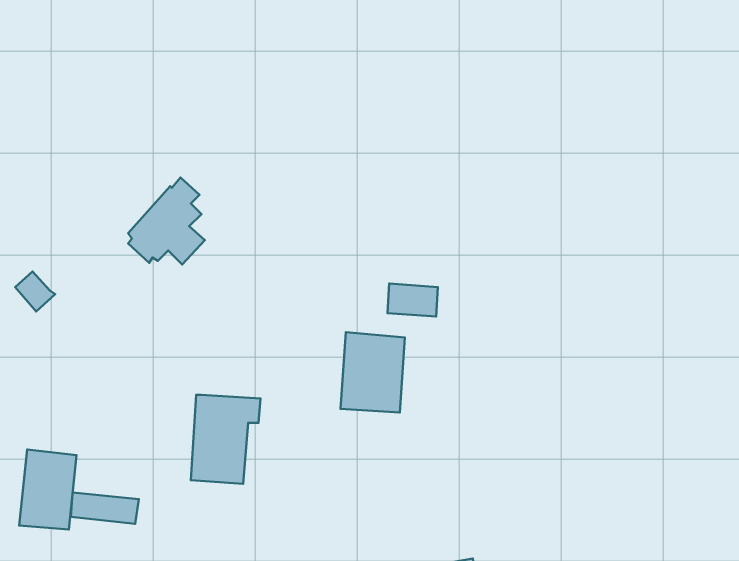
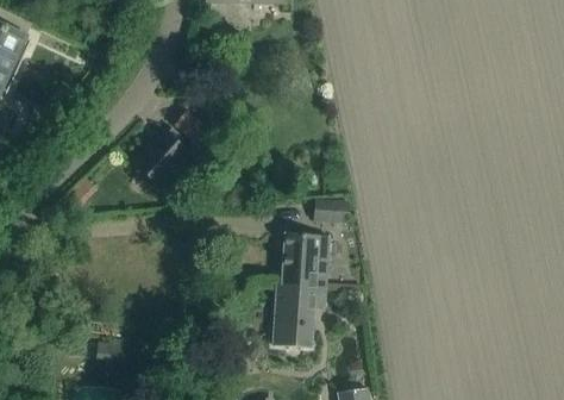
building: [191,395,260,484] -> [274,283,321,344]
building: [19,449,76,530] -> none

